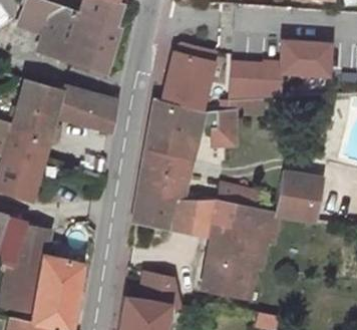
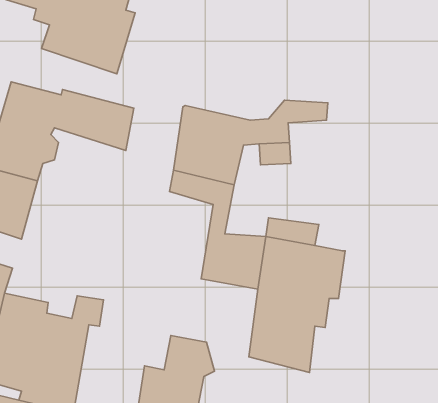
building: [160,40,222,105] -> none
building: [232,40,336,94] -> none
building: [134,162,177,229] -> none
building: [276,173,324,216] -> none

